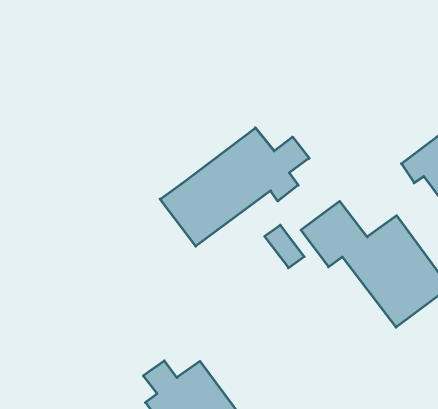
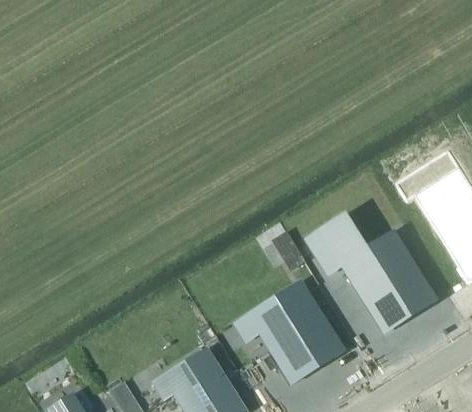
building: [160,128,309,246] -> none
building: none -> [235,281,343,382]

